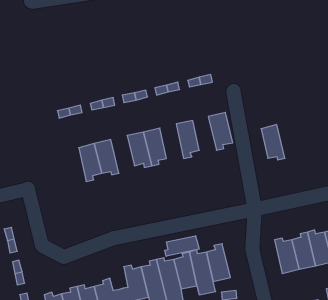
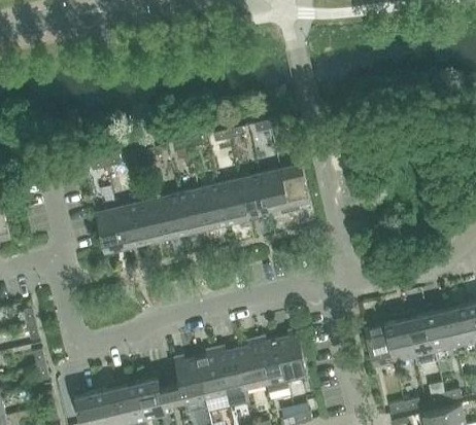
building: none -> [217,179,247,224]
building: [261,125,285,160] -> [259,170,288,214]
building: none -> [156,193,185,241]
building: none -> [92,199,125,253]
building: [165,236,199,256] -> none

